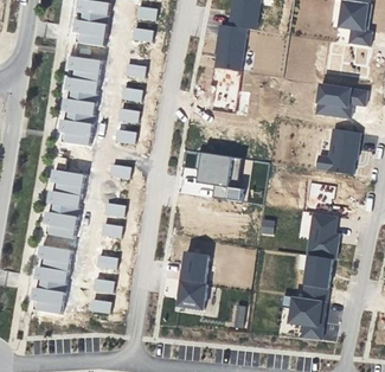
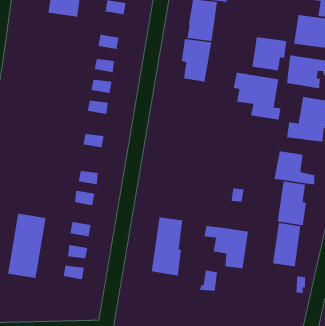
building: [58,56,101,143] -> none
building: none -> [252,36,287,71]
building: [194,152,244,201] -> [233,72,281,121]
building: [44,169,84,238] -> none
building: [280,295,326,340] -> [204,225,249,269]

